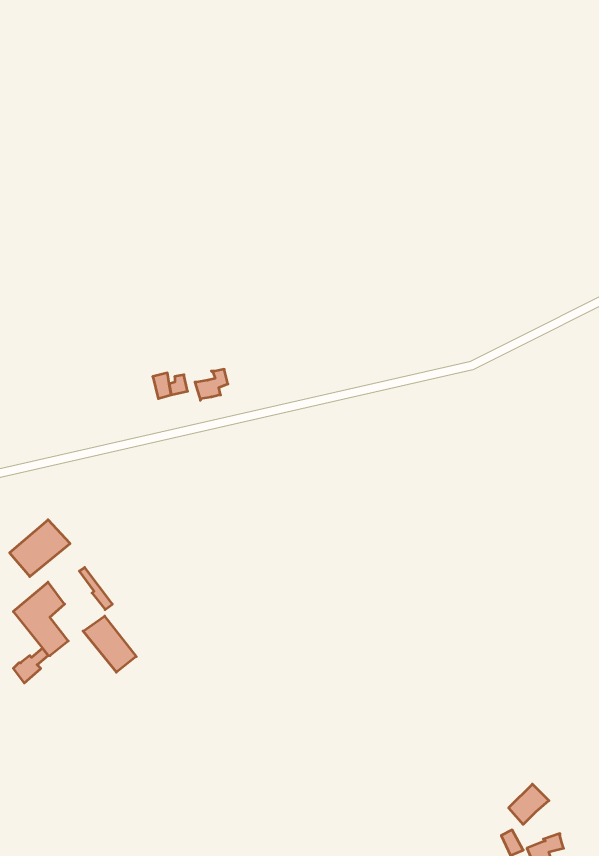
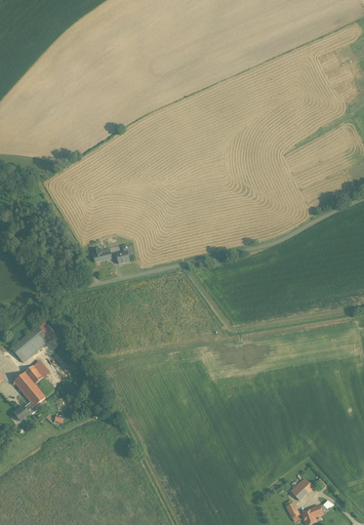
building: [83,616,136,672] -> none

